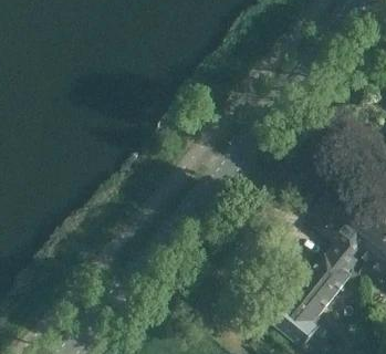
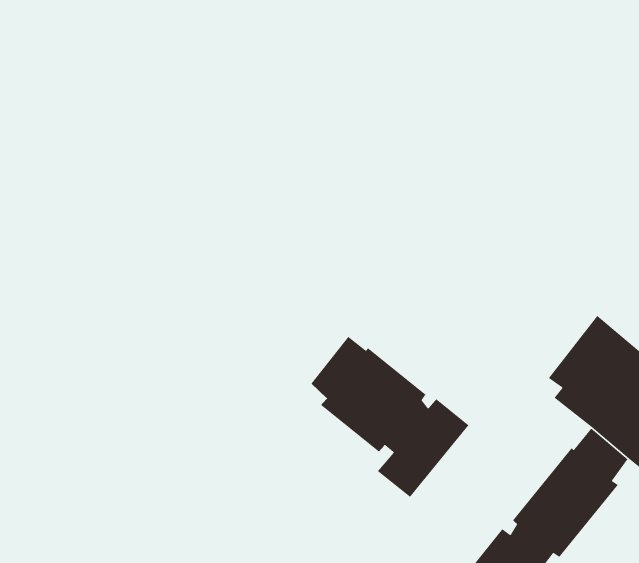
building: none -> [311,336,469,498]

